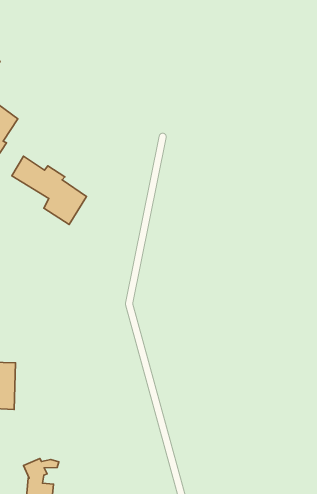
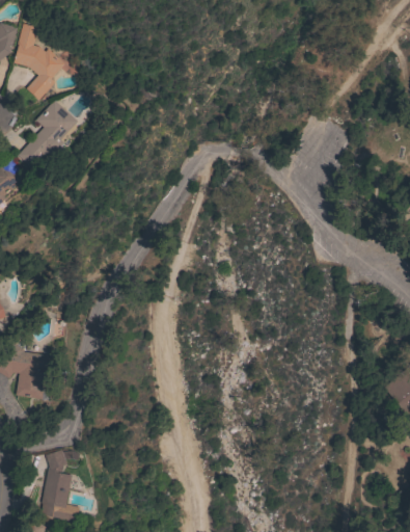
building: [12,156,86,224] -> none

